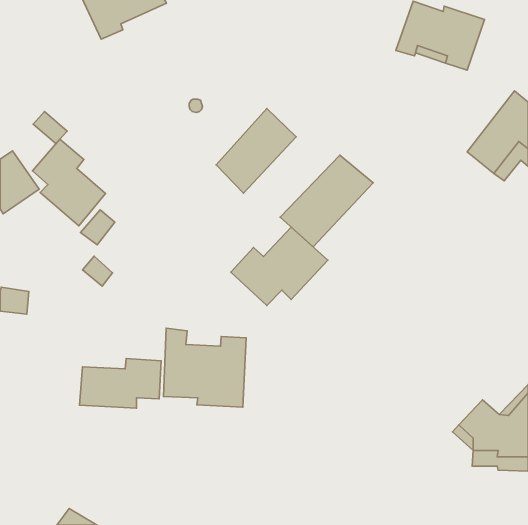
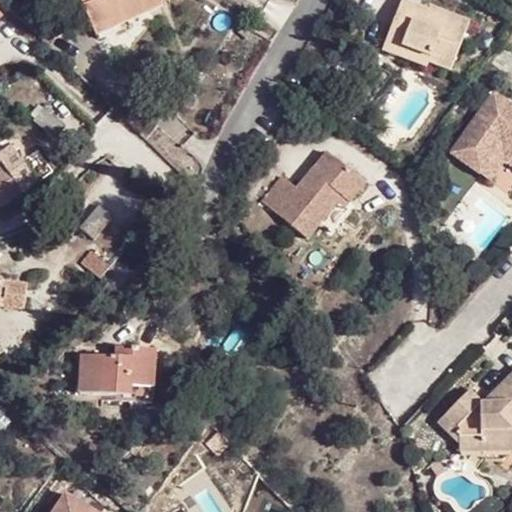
building: [216,109,296,193] -> none
building: [33,139,105,226] -> none
building: [231,227,328,306] -> none
building: [164,328,246,407] -> none

